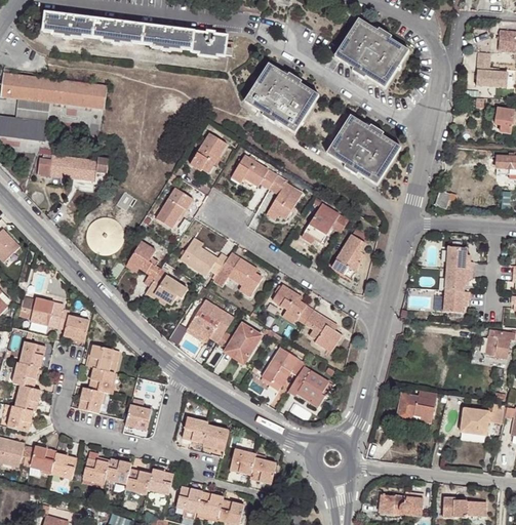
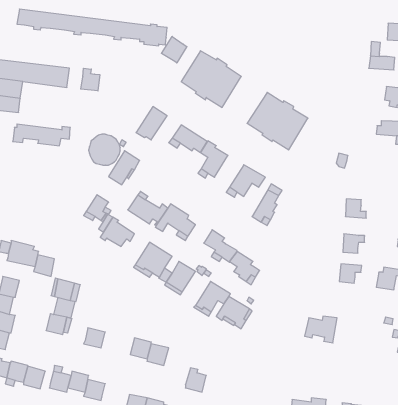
building: [333,18,408,88] -> none
building: none -> [161,36,187,63]
building: none -> [81,68,100,91]
building: [85,216,124,254] -> [89,134,120,165]
building: [444,268,472,291] -> [339,264,362,283]
building: [460,403,504,435] -> none
building: [229,449,255,475] -> none
building: [147,469,173,495] -> none

